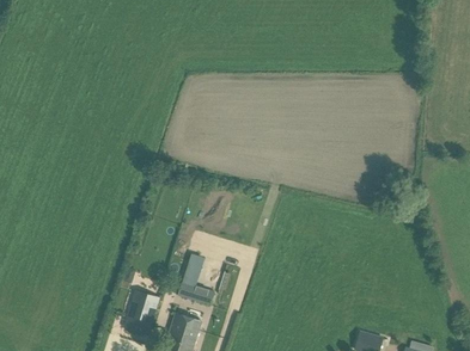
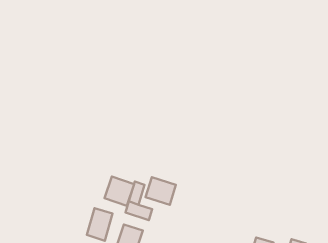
building: none -> [105,176,134,206]
building: none -> [146,177,176,205]

